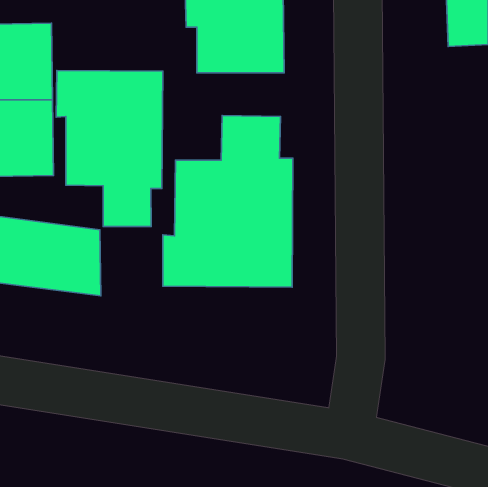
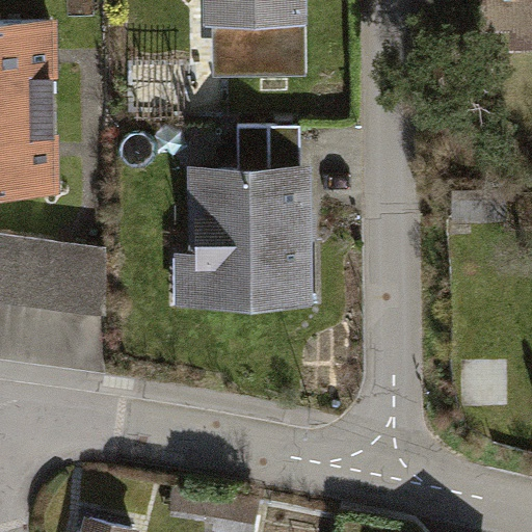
building: [56,70,163,226] -> none

